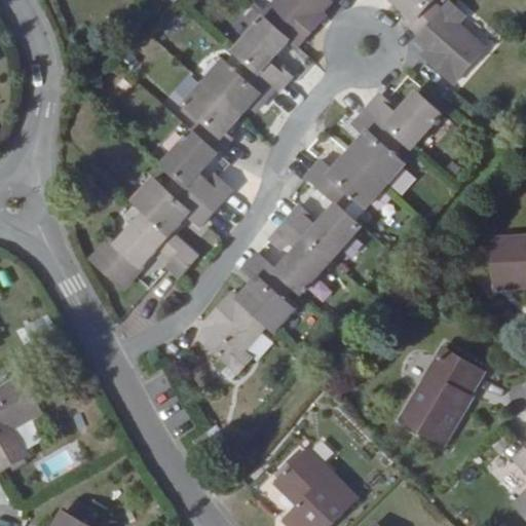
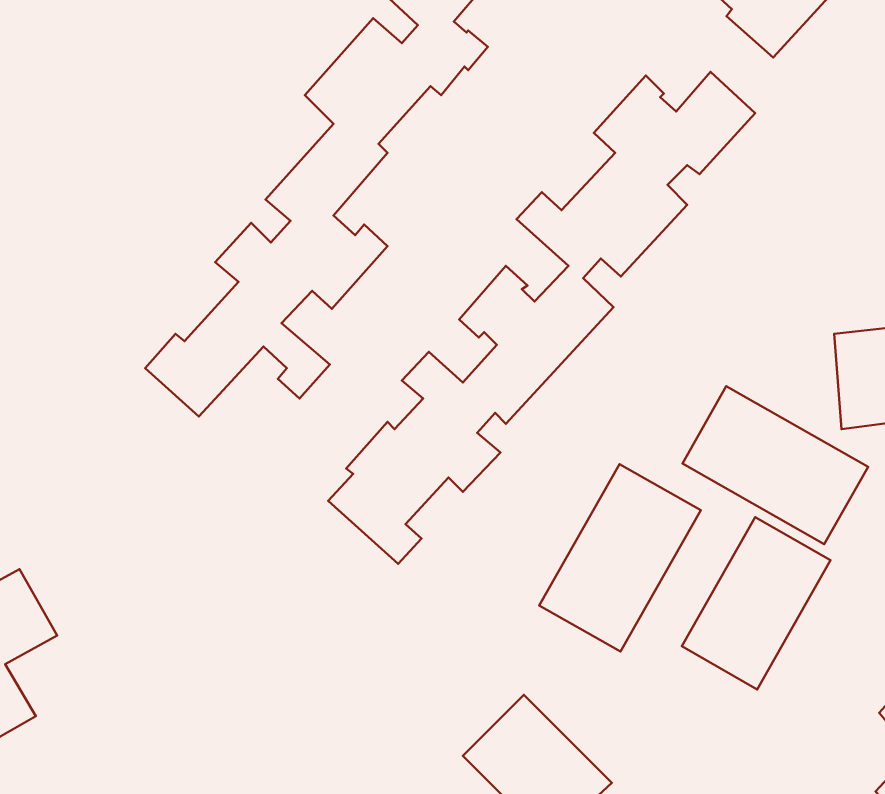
building: none -> [682,386,868,544]
building: none -> [539,464,701,651]

